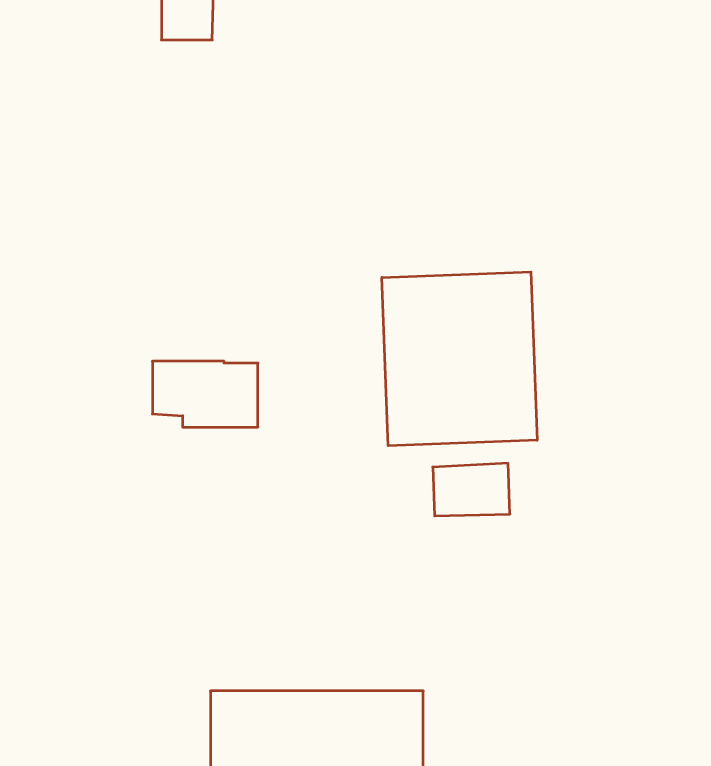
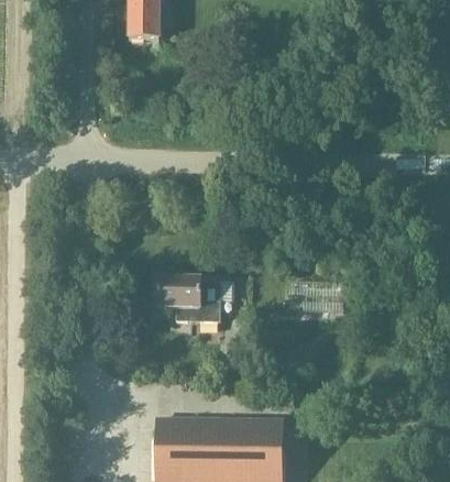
building: [382,272,537,446] -> none
building: [152,361,258,427] -> [157,277,219,316]

